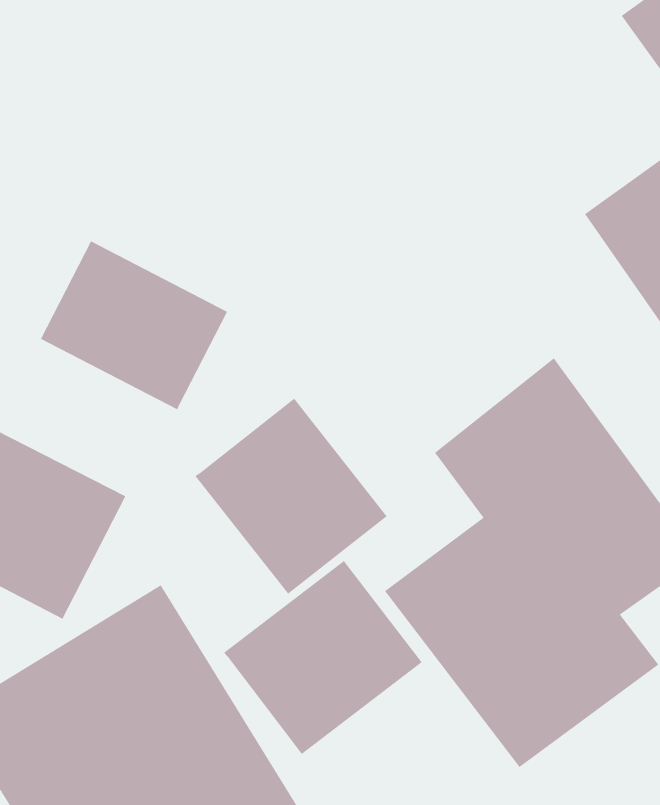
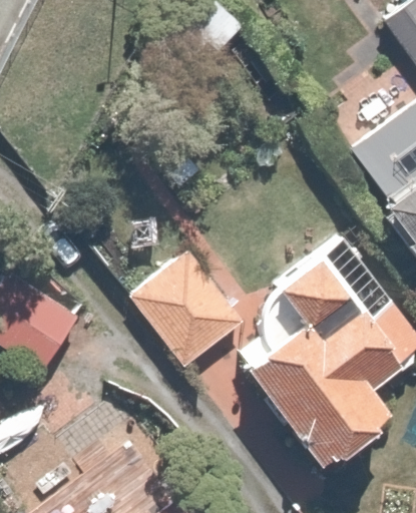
building: [40,240,228,410] -> none
building: [223,560,423,755] -> none

